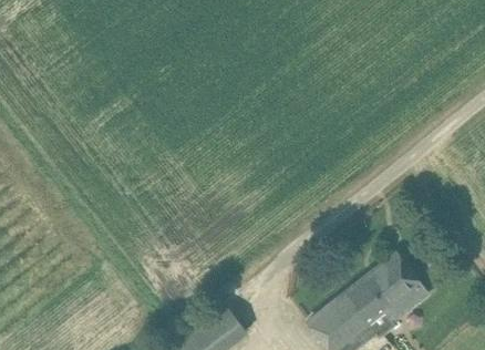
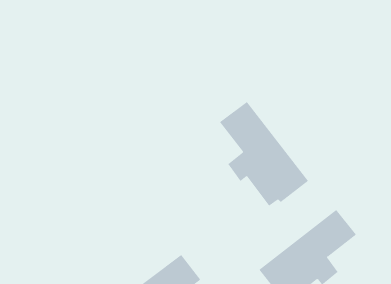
building: none -> [219,101,309,206]

